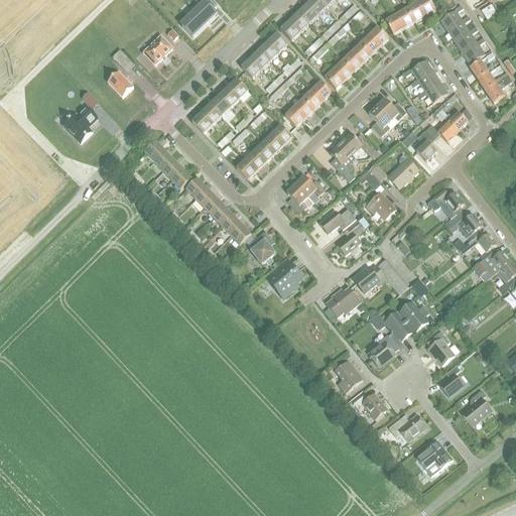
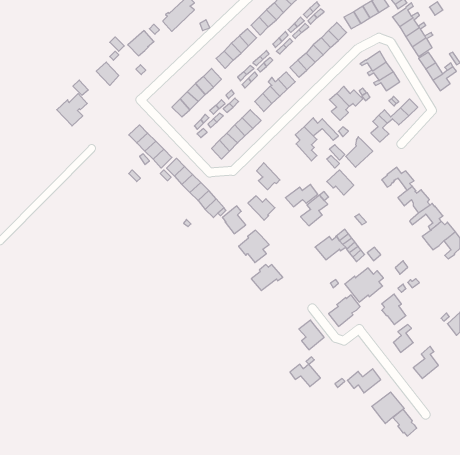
building: [295,174,326,202] -> [248,196,275,220]
building: [326,286,361,315] -> [251,265,283,291]
building: [353,392,387,417] -> [290,364,320,387]
building: none -> [393,409,417,436]

